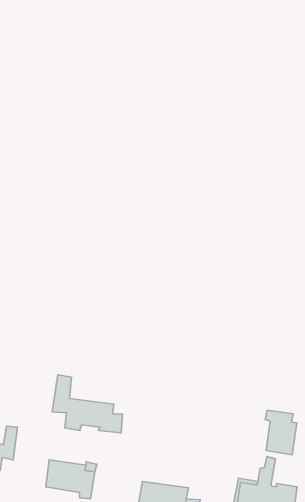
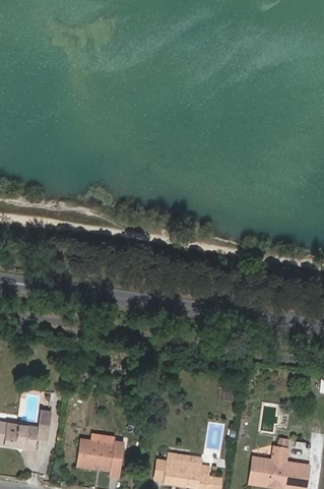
building: [52,375,122,433] -> none
building: [265,410,297,455] -> none

